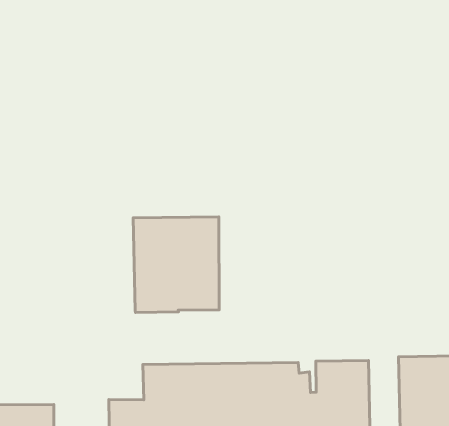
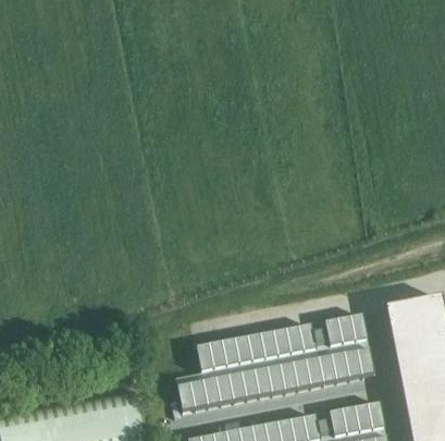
building: [133,217,219,312] -> none

